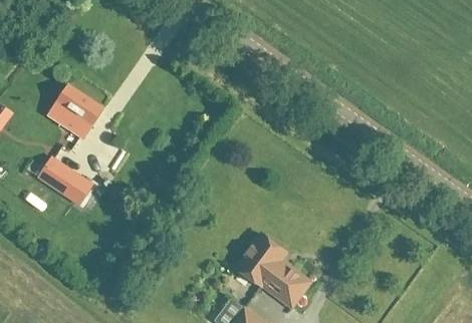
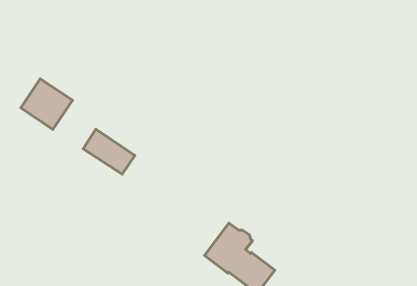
building: [38,157,91,204] -> [83,129,135,174]

